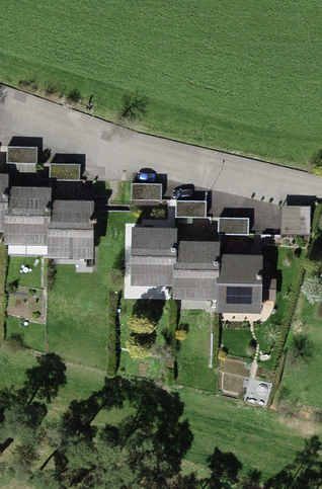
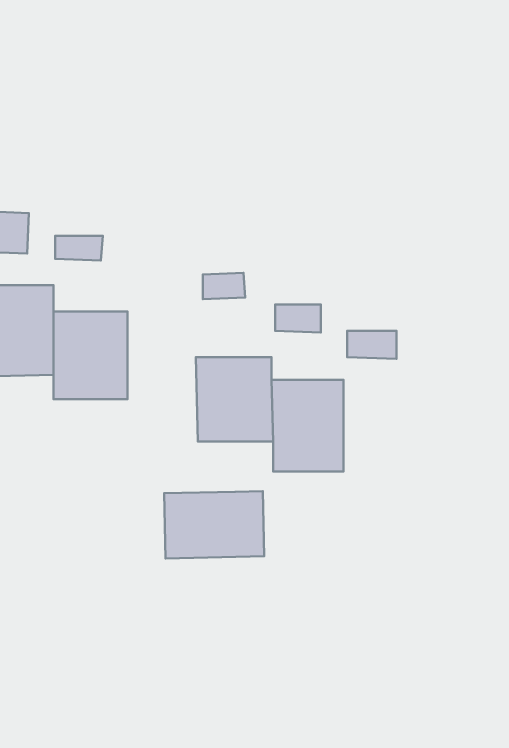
building: [216,259,258,310] -> none
building: none -> [164,491,264,558]

